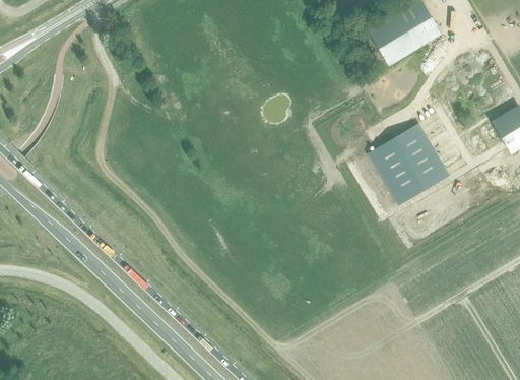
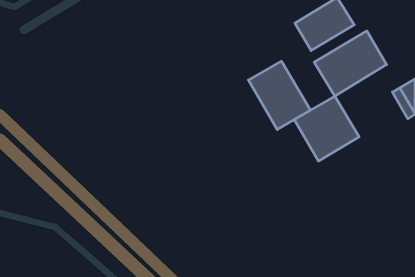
building: none -> [314,31,387,96]
building: none -> [248,61,310,130]

